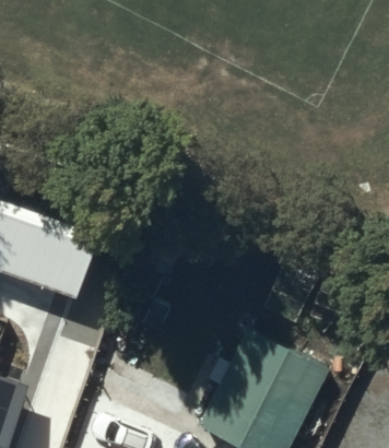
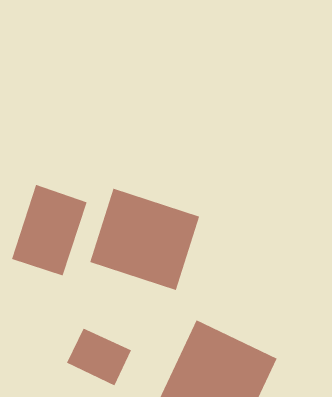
building: none -> [90,188,200,291]

